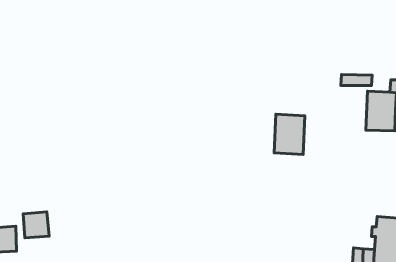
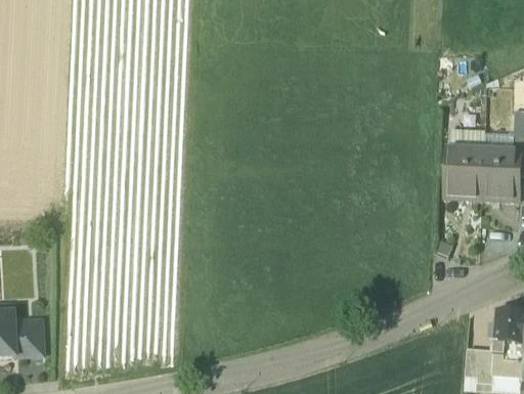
building: [274,114,305,155] -> [446,146,485,198]
building: [23,212,49,238] -> none

